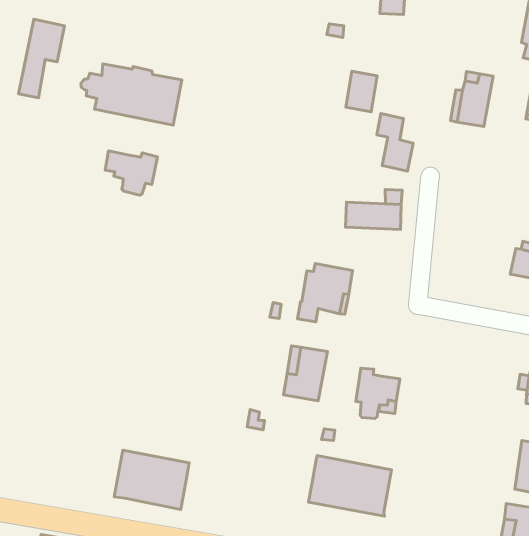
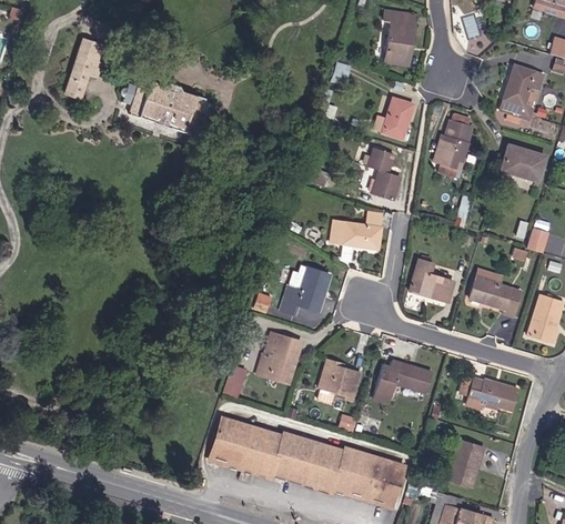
building: [346,71,377,112] -> [381,97,411,133]
building: [105,151,158,195] -> none
building: none -> [407,256,453,302]
building: none -> [373,364,433,404]
building: [114,450,189,509] -> [214,416,282,473]
building: none -> [334,447,404,505]

